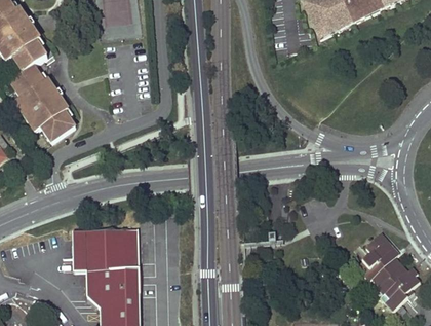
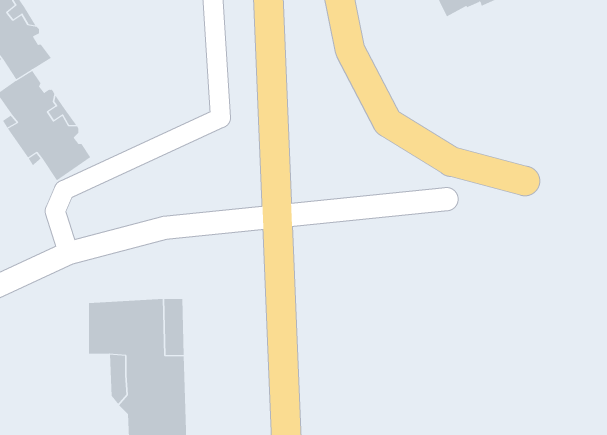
building: [359,233,417,306] -> none

